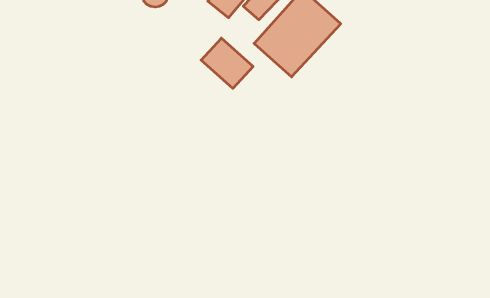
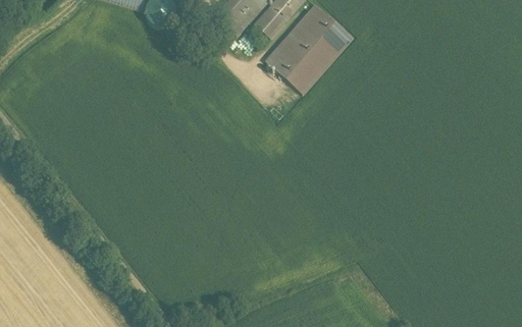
building: [201,38,253,88] -> none

